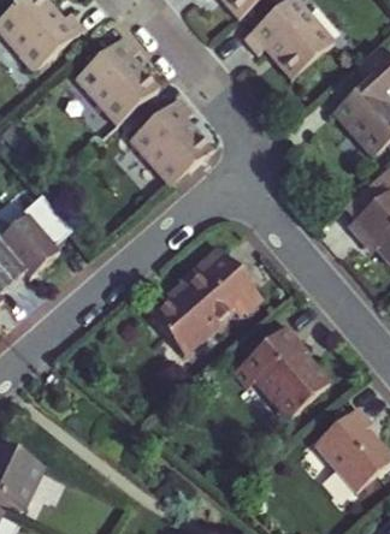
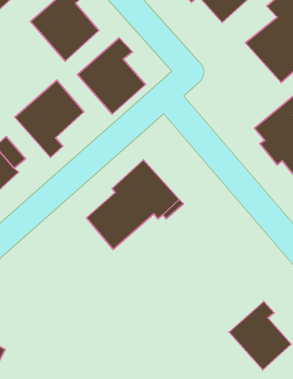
building: none -> [15,80,84,158]
building: [224,324,323,420] -> none

